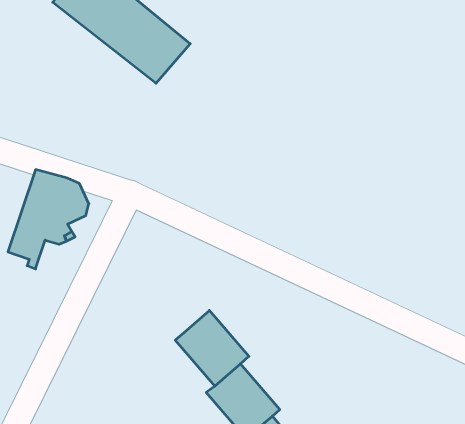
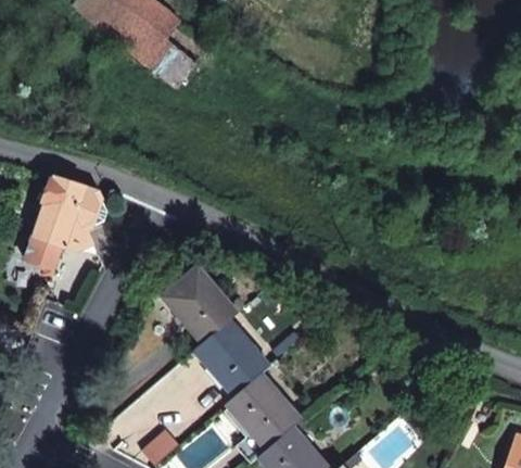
building: none -> [163,267,237,342]

